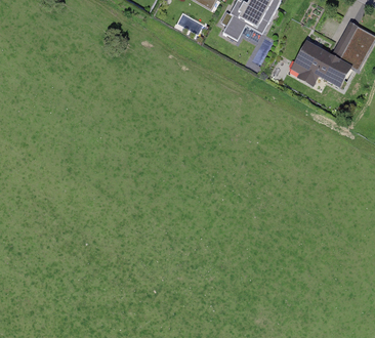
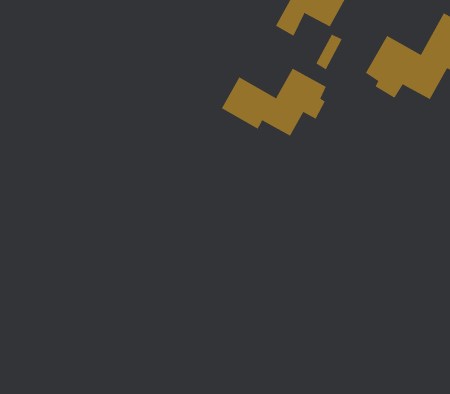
building: none -> [221,68,326,136]

